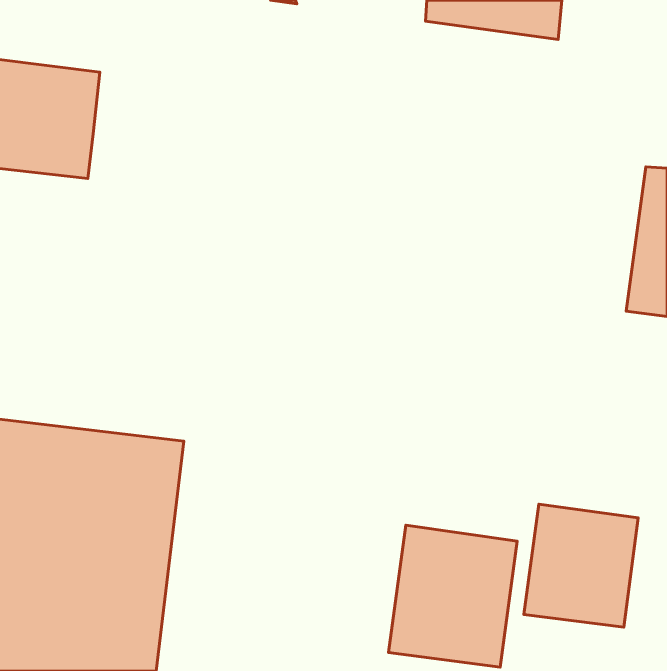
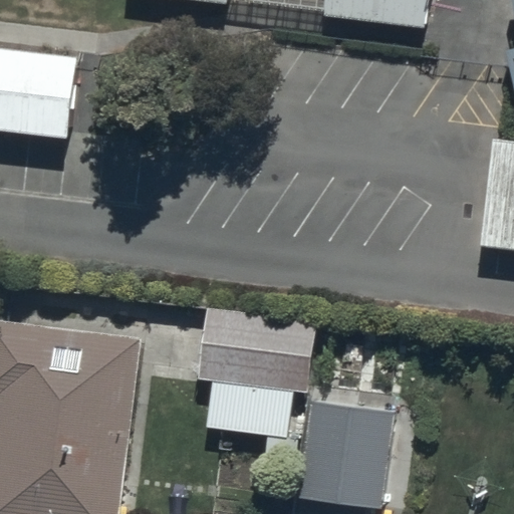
building: none -> [201,310,317,469]
building: [524,504,638,627] -> none

